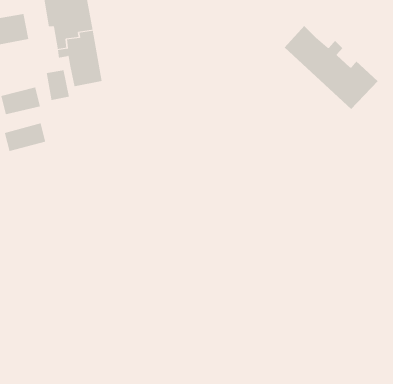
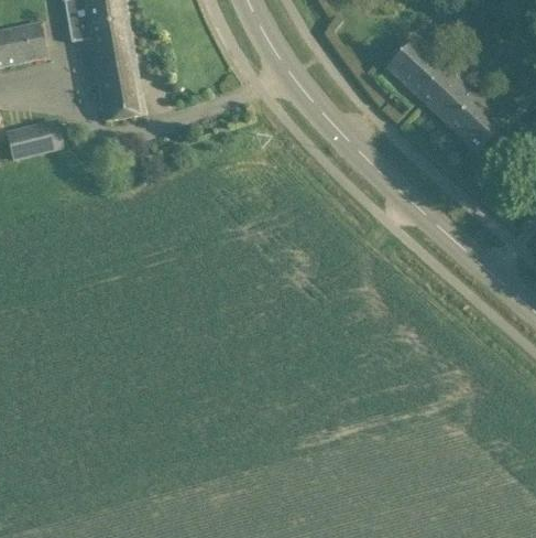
building: [46,69,69,101] -> none
building: [4,122,46,152] -> none

